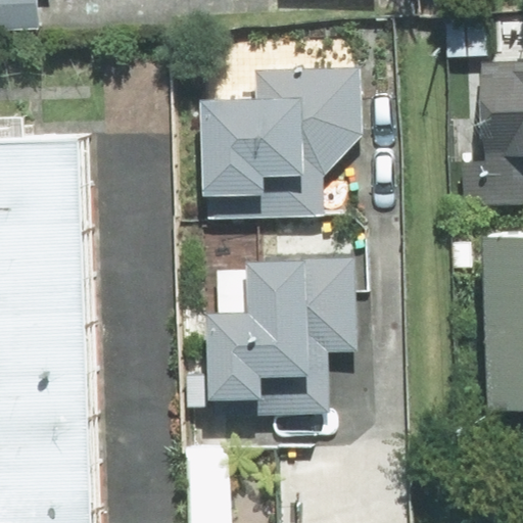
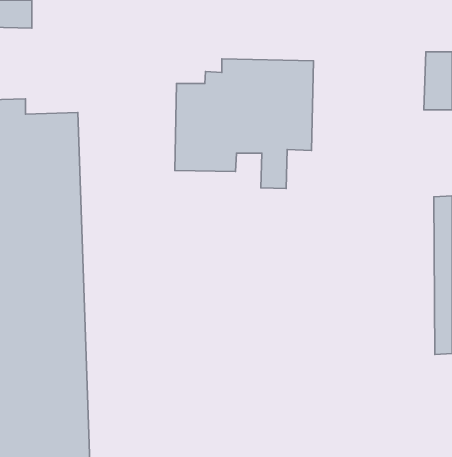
building: [206,247,351,428] -> none

